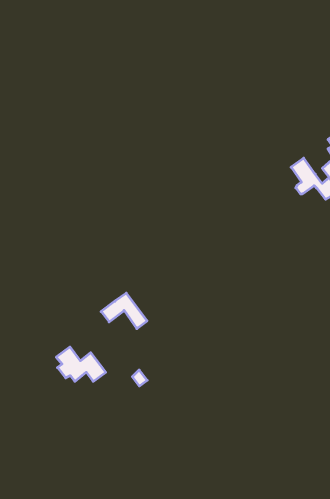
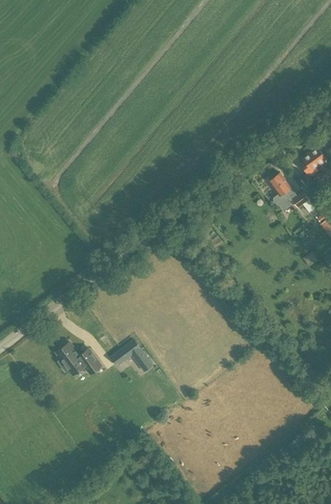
building: [101,293,147,329] -> [111,340,153,372]

